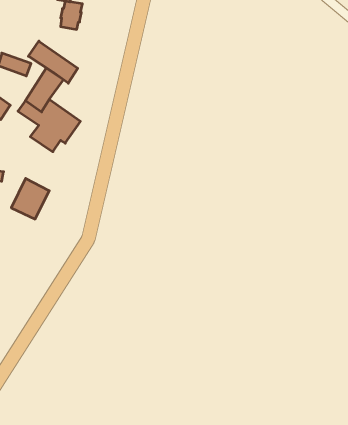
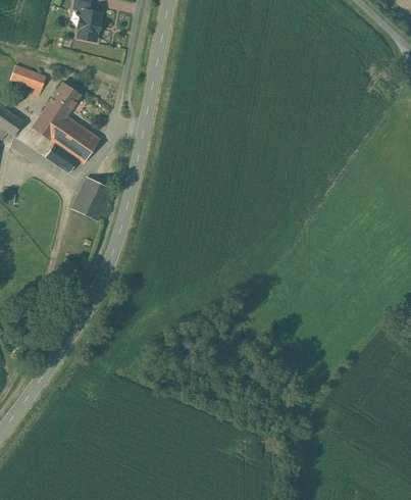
building: [28,41,78,83] -> none
building: [11,178,49,219] -> [72,177,113,220]

